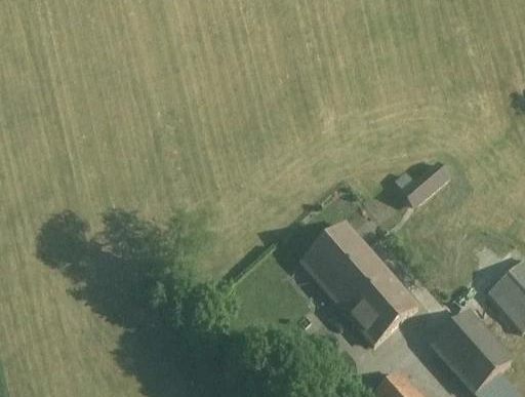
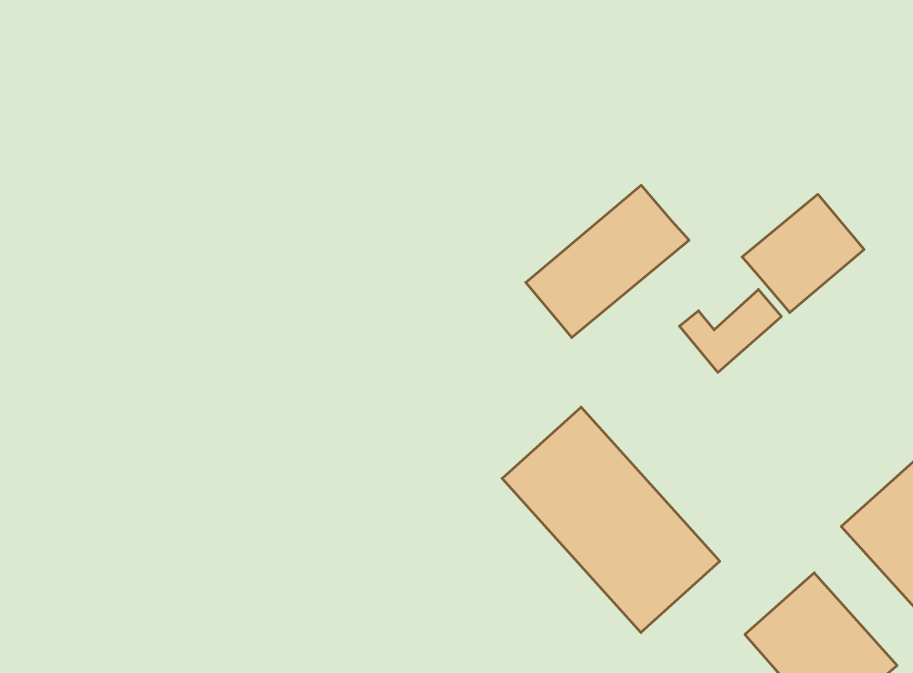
building: none -> [526,185,689,338]
building: none -> [742,194,864,313]

